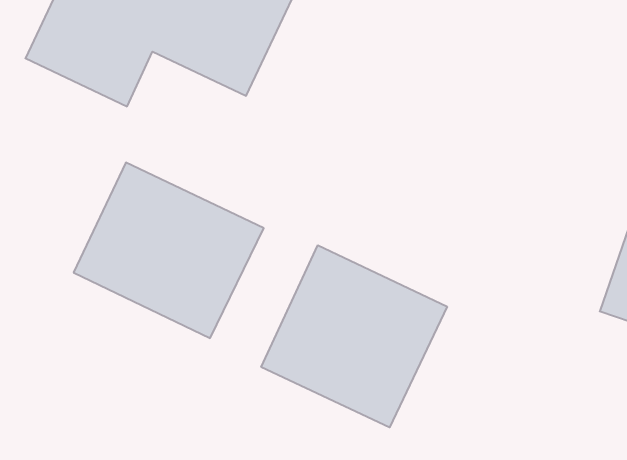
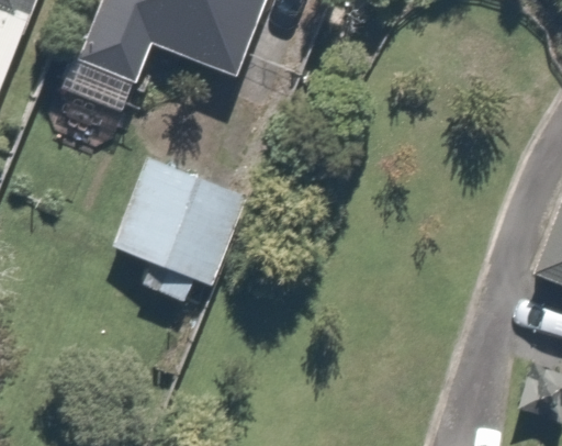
building: [261,245,447,427] -> none

